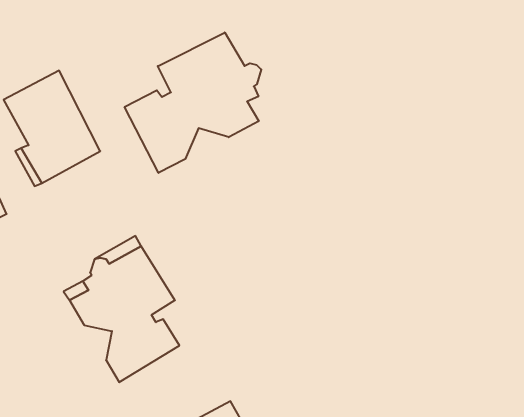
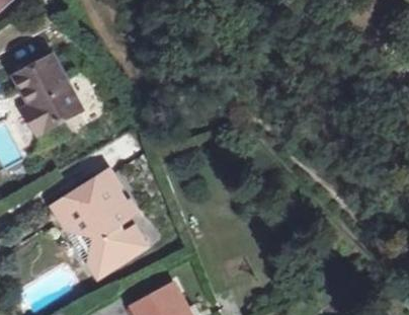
building: [125,32,261,173] -> none

